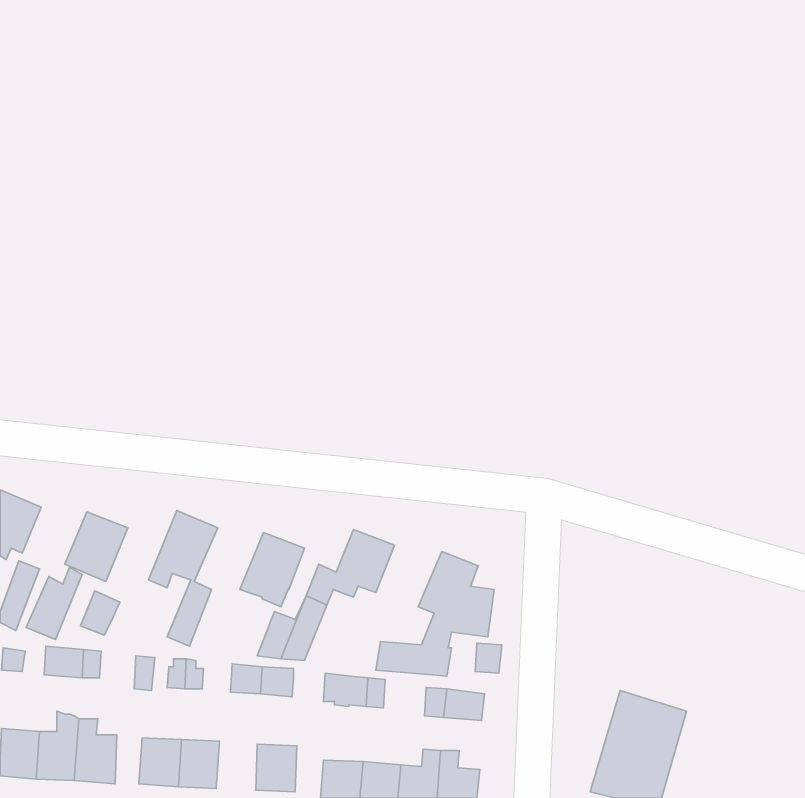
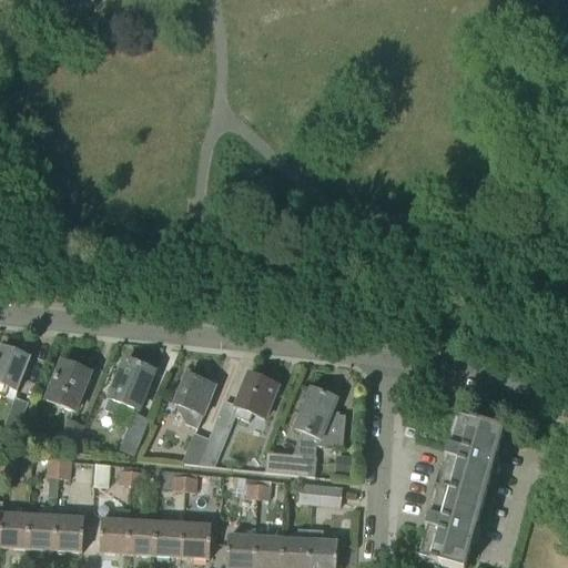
building: [26,567,82,640] -> none
building: none -> [437,415,505,499]
building: none -> [153,520,182,555]

